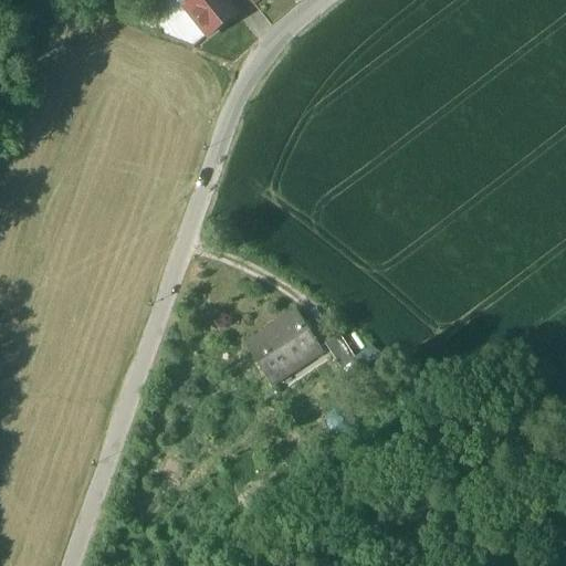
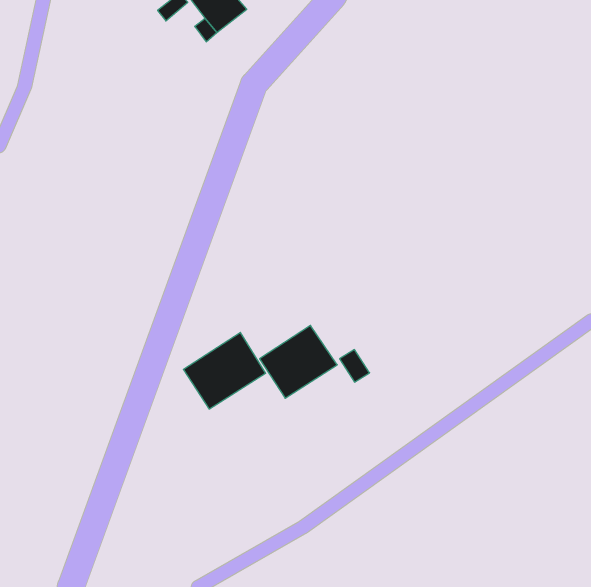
building: none -> [183,332,266,409]

